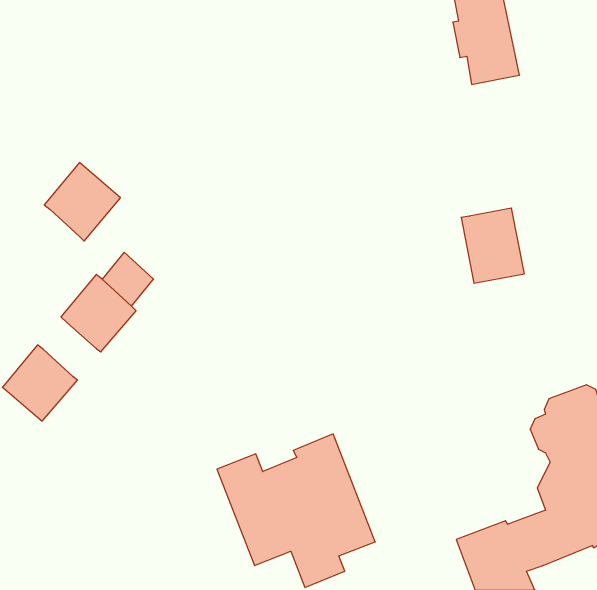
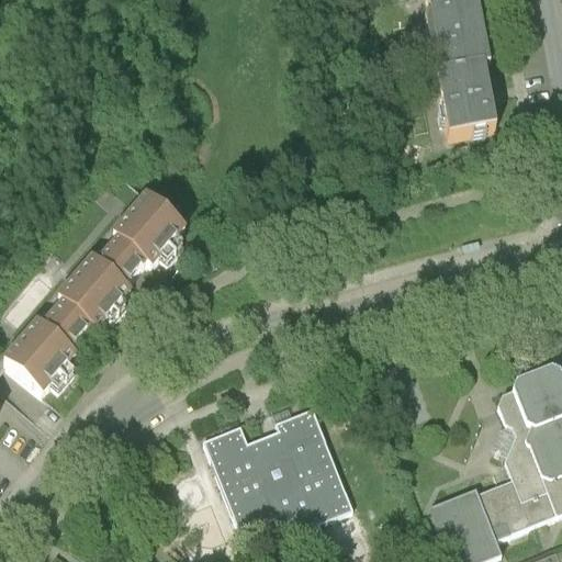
building: [44,163,120,241] -> [113,192,184,266]
building: [461,208,524,283] -> [436,71,495,142]
building: none -> [43,302,92,352]

